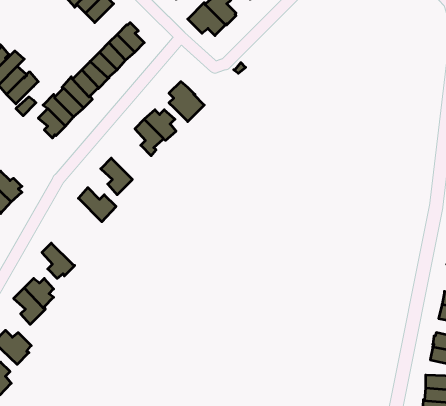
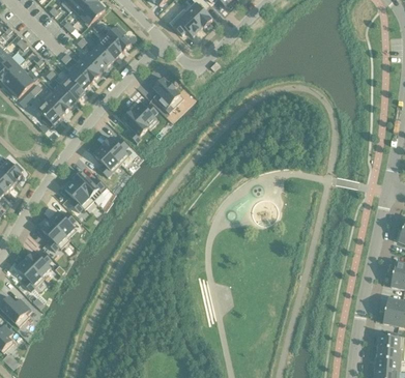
building: none -> [102,136,128,163]
building: none -> [64,179,93,211]
building: none -> [49,210,76,237]

